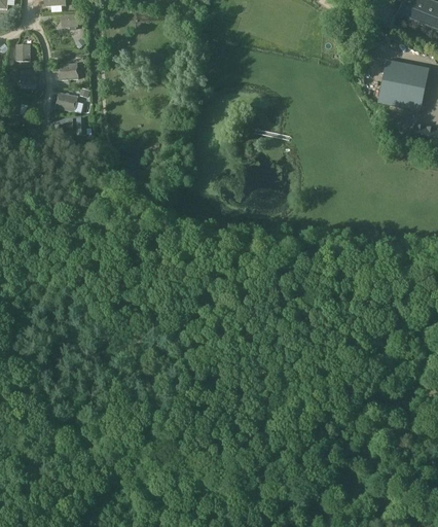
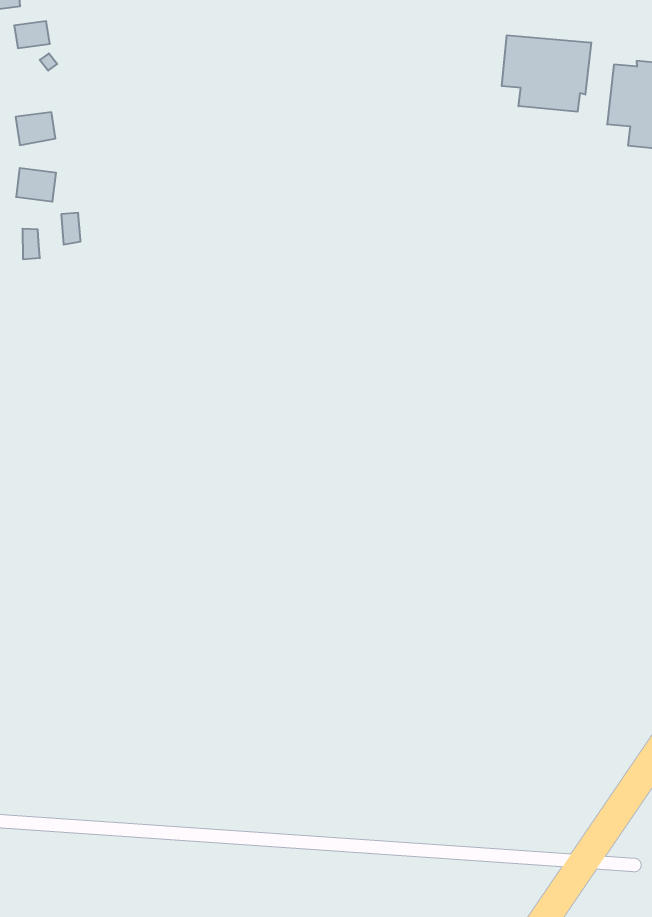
building: none -> [502,35,591,112]

